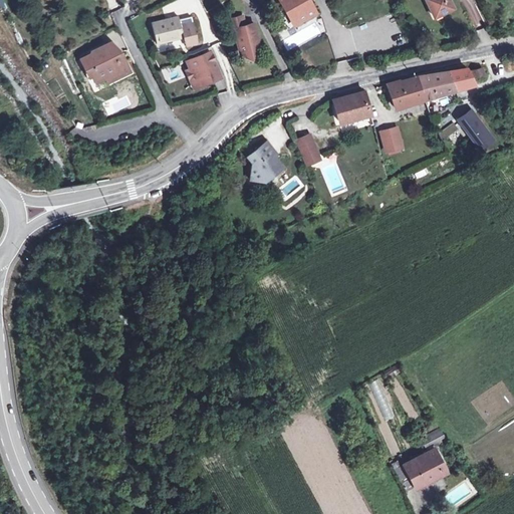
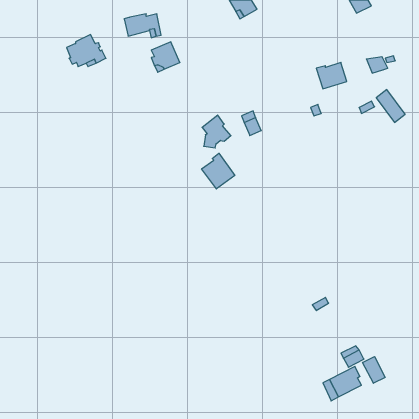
building: [228,16,260,57] -> none
building: [418,73,456,100] -> none
building: [333,91,370,122] -> none
building: none -> [202,153,235,189]
building: none -> [363,357,385,383]

